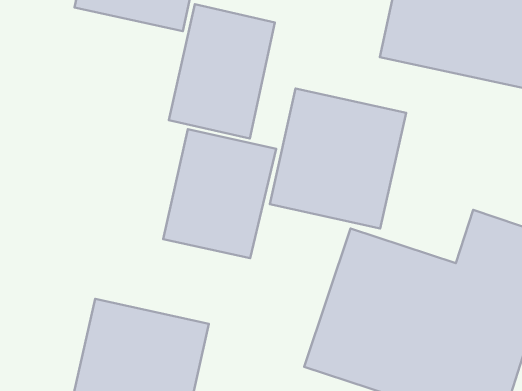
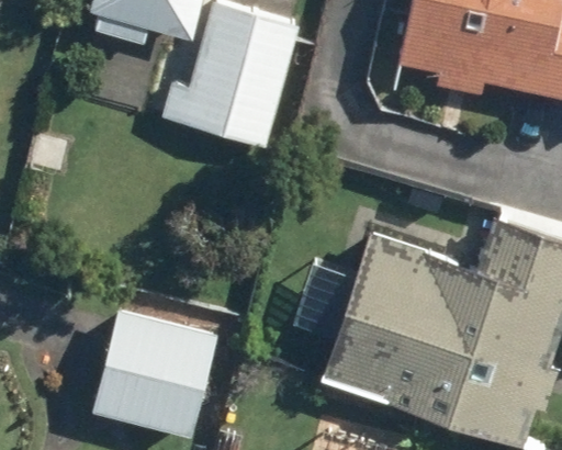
building: [270,88,406,228] -> none
building: [163,129,276,258] -> none

